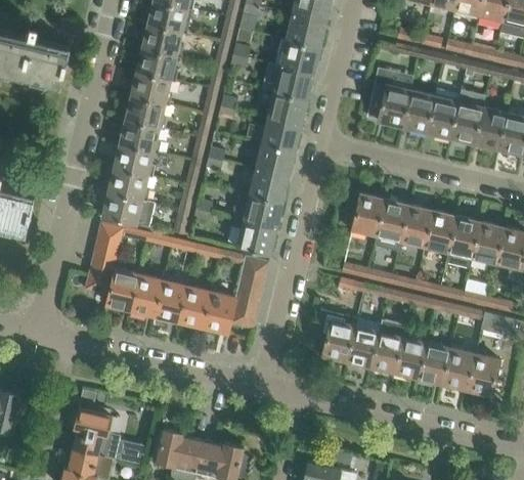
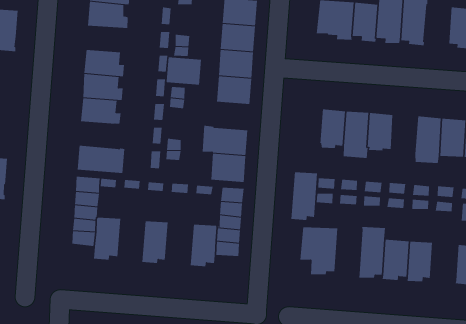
building: [131,72,174,104] -> none
building: [473,105,506,151] -> none
building: [108,167,150,201] -> none
building: [248,169,288,203] -> [166,57,202,85]
building: [423,211,454,254] -> none
building: [129,271,163,316] -> none
building: [176,282,211,329] -> none
building: [345,316,380,367] -> [291,172,318,221]
building: [440,346,474,390] -> none

